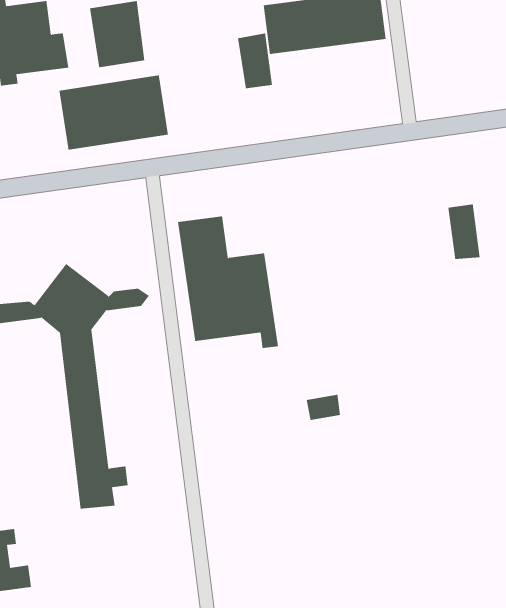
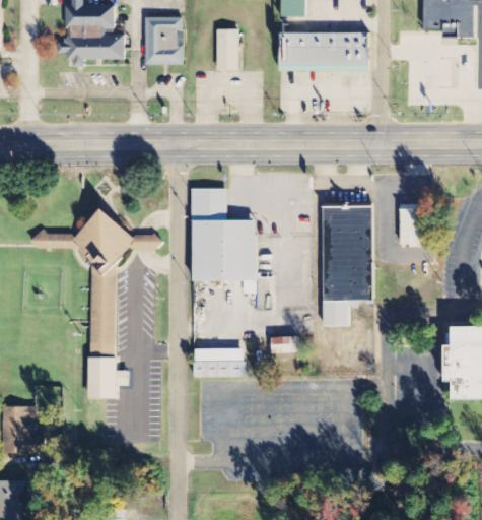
building: [237,33,273,89] -> [215,28,237,69]
building: [59,75,168,151] -> none
building: none -> [322,205,372,326]
building: none -> [193,348,244,378]

